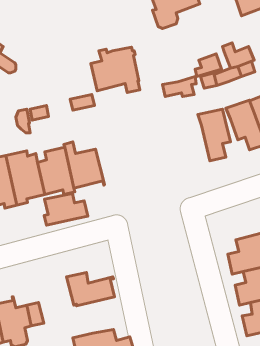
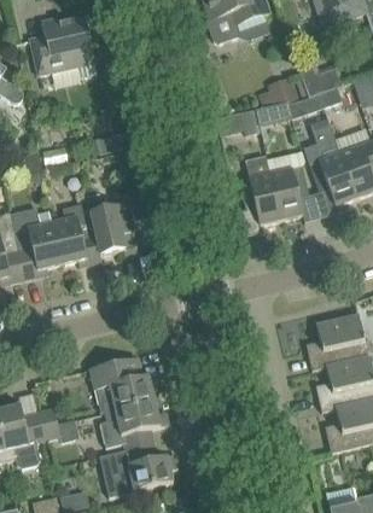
building: [91,47,140,93] -> [30,17,95,77]
building: none -> [238,157,281,225]
building: [44,194,88,225] -> none
building: none -> [99,401,169,449]

